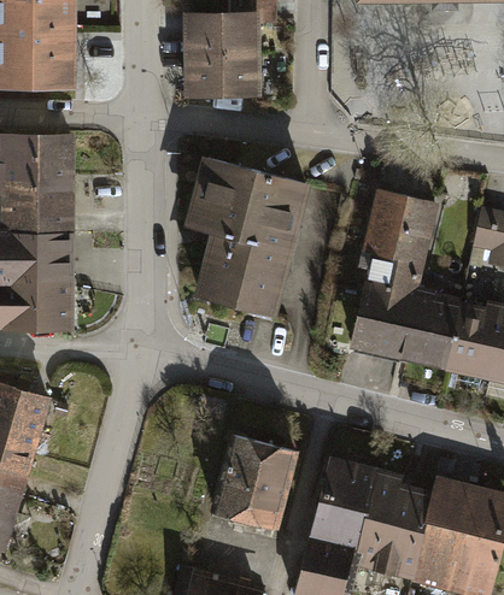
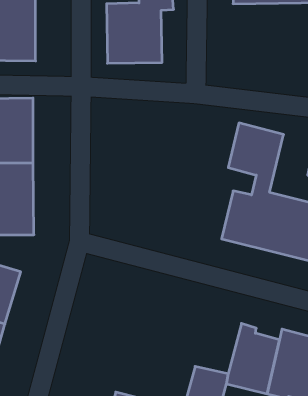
building: [186,151,312,316] -> none
building: [206,424,294,525] -> none
building: [309,459,376,544] -> none

